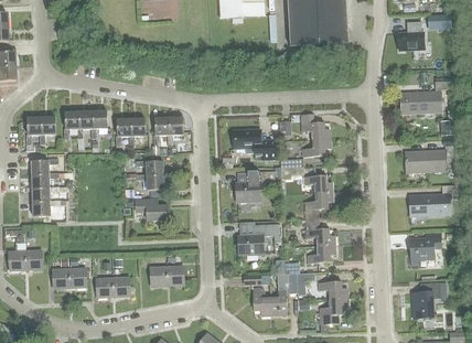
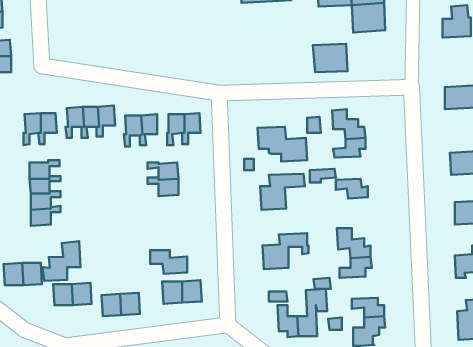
building: [288,20,319,45] -> [313,44,347,72]
building: [304,191,332,218] -> none
building: [135,199,168,219] -> [150,250,187,274]
building: none -> [42,241,80,281]

